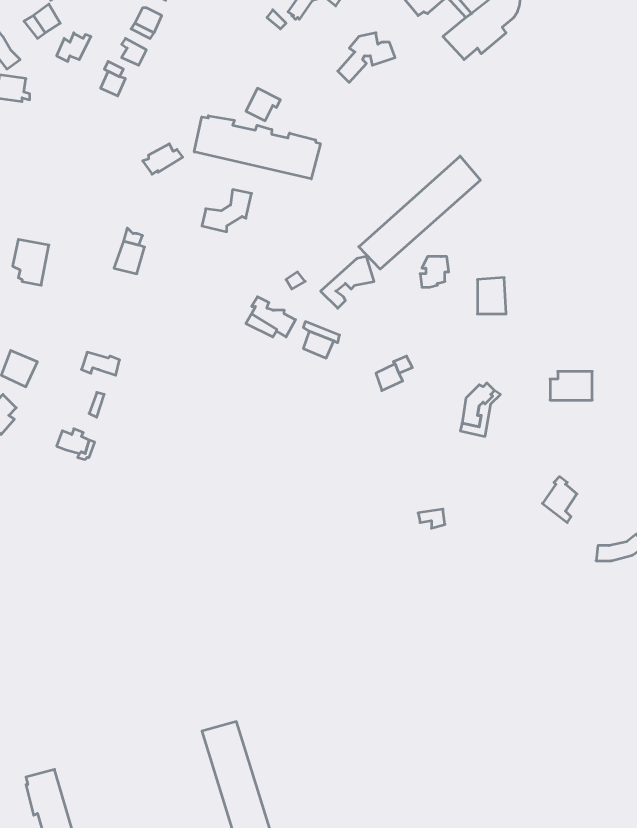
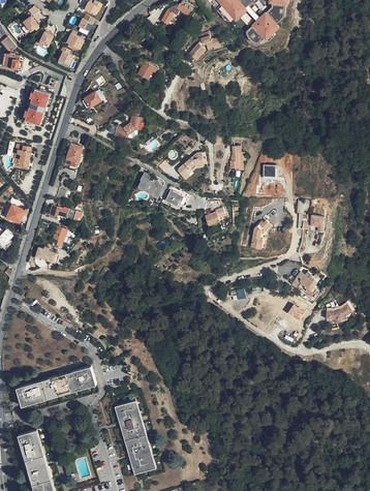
building: [194,116,320,179] -> none
building: none -> [24,89,50,124]
building: [359,156,480,269] -> none
building: none -> [17,367,95,403]

